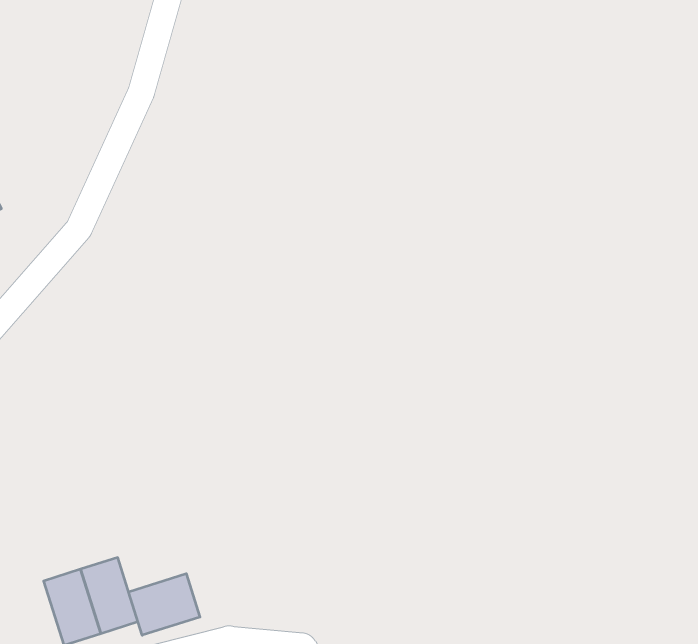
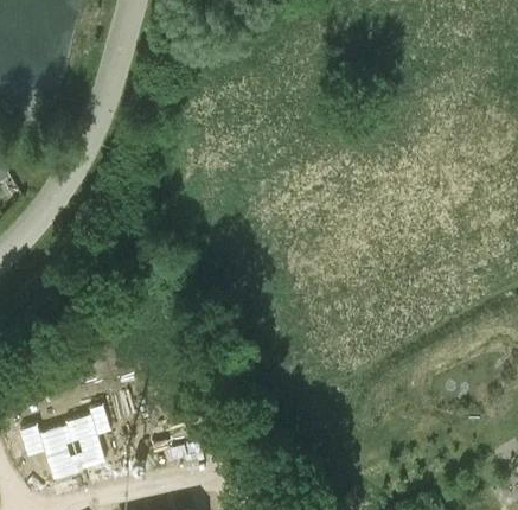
building: [129,574,200,635] -> none

